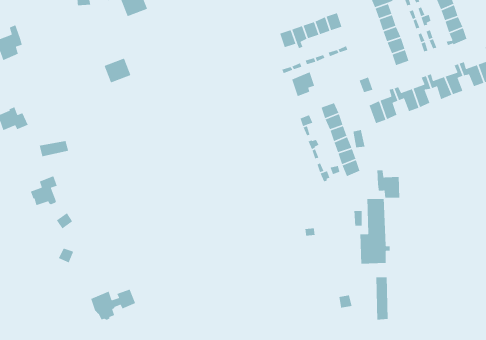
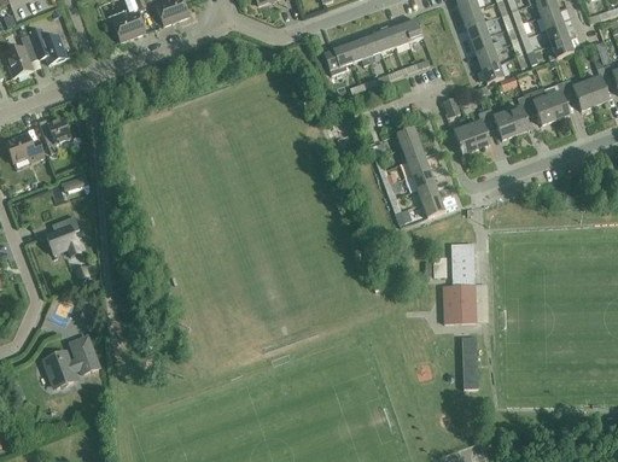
building: none -> [29,28,66,64]
building: [103,58,131,84] -> [112,10,146,41]
building: [291,71,315,97] -> [323,43,352,75]
building: none -> [39,118,70,153]
building: [376,169,400,199] -> none
building: [90,288,136,321] -> [43,347,99,386]

